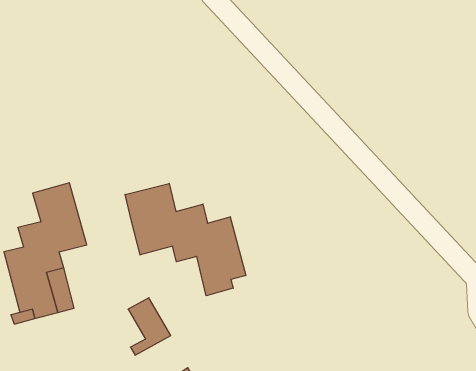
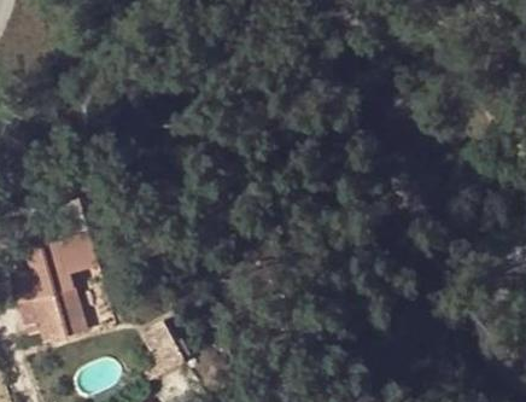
building: [125,183,246,296] -> none

